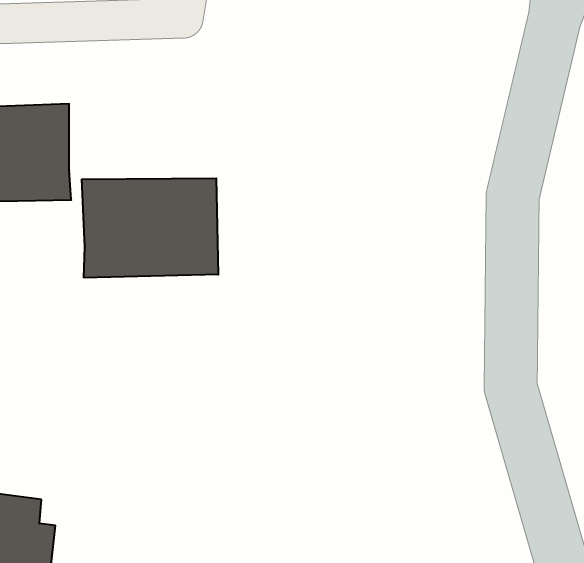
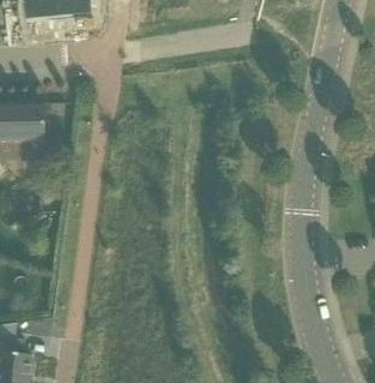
building: [82,178,218,278] -> none

